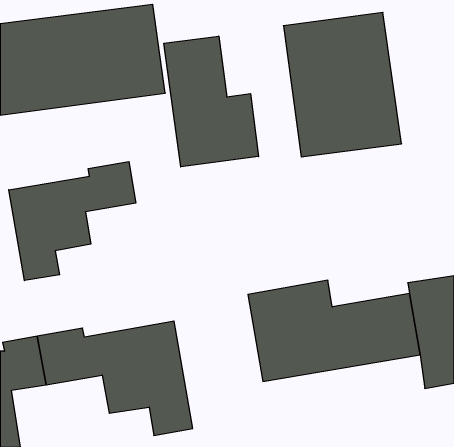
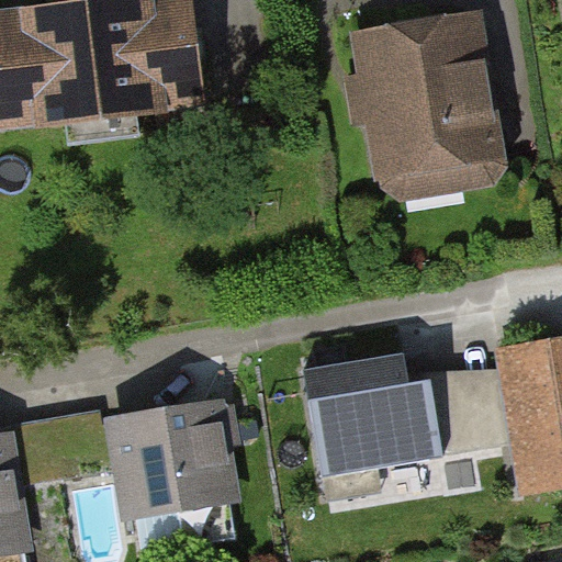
building: [164,36,258,167] -> none
building: [9,162,136,281] -> none

